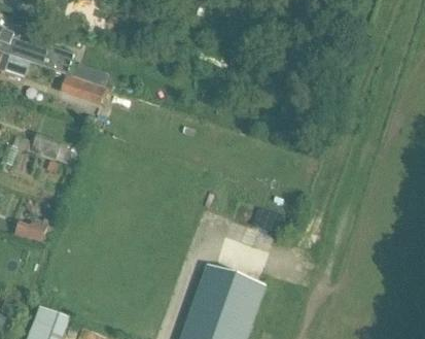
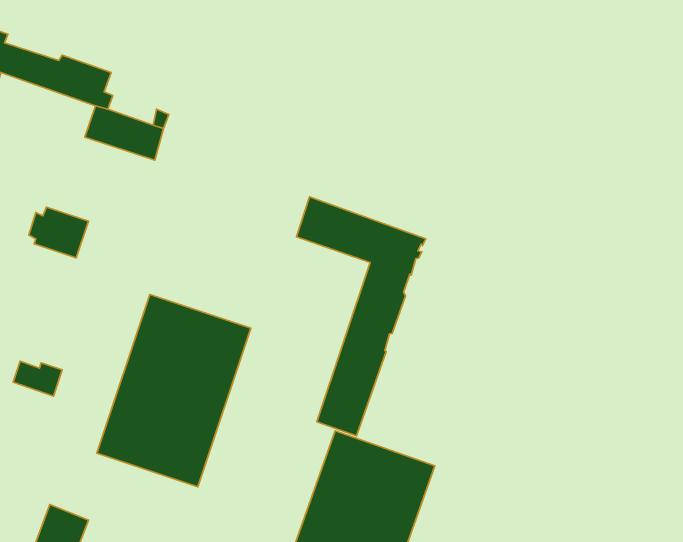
building: none -> [296,197,426,436]
building: none -> [97,294,251,487]

